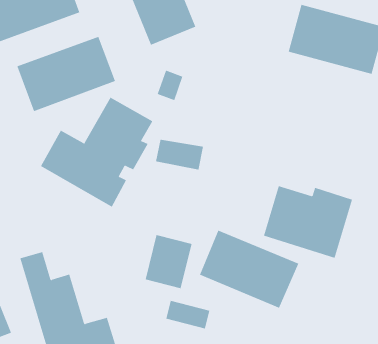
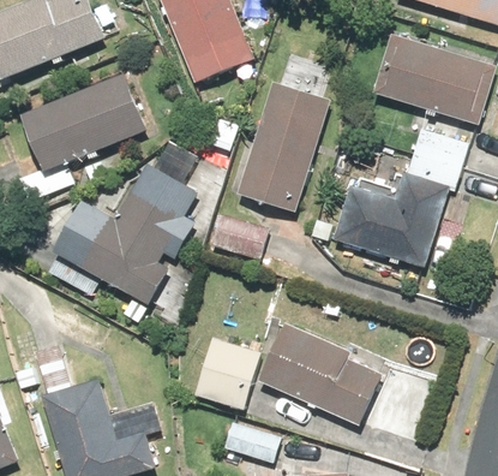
building: none -> [244,87,336,212]
building: none -> [400,120,463,183]
building: [263,185,353,258] -> [324,168,439,262]

